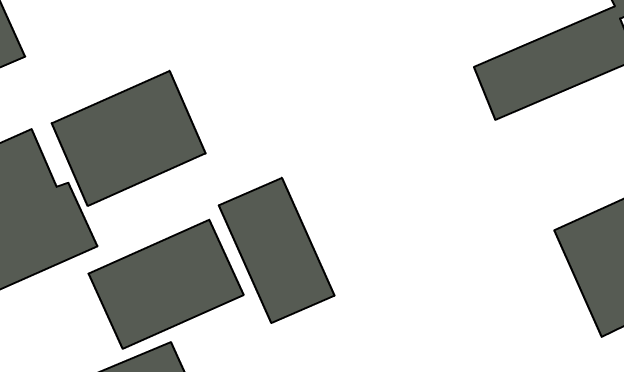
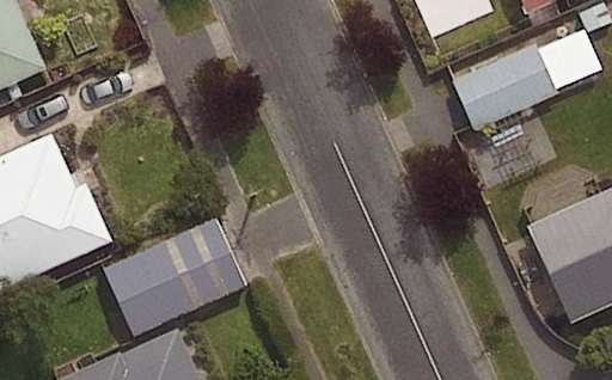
building: [52,71,206,206] -> none
building: [219,178,334,323] -> none

